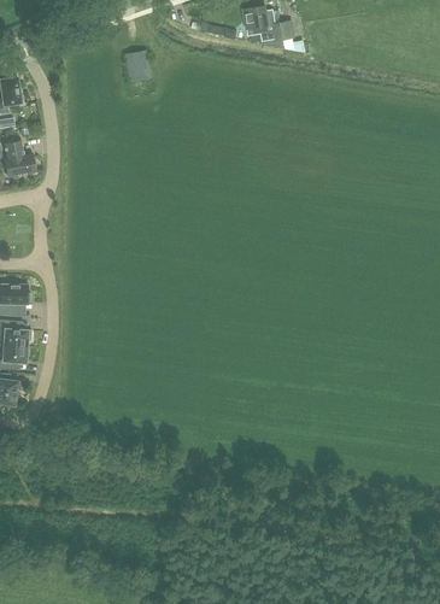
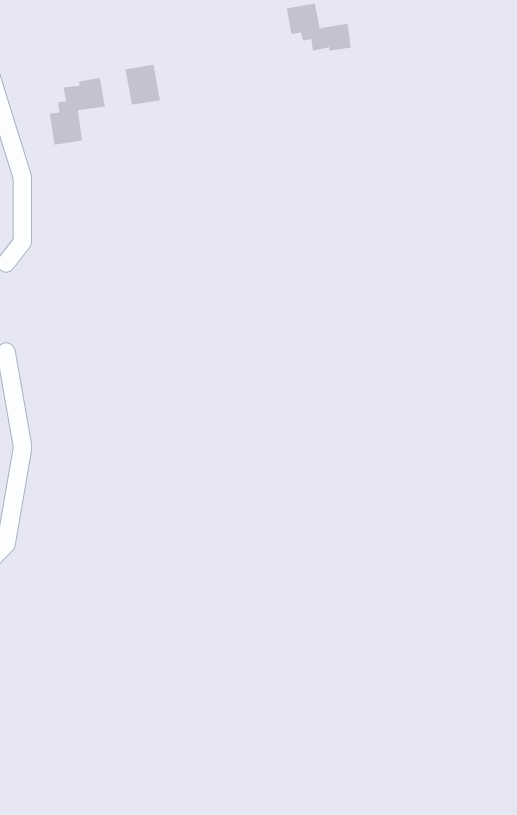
building: none -> [49,77,106,145]

